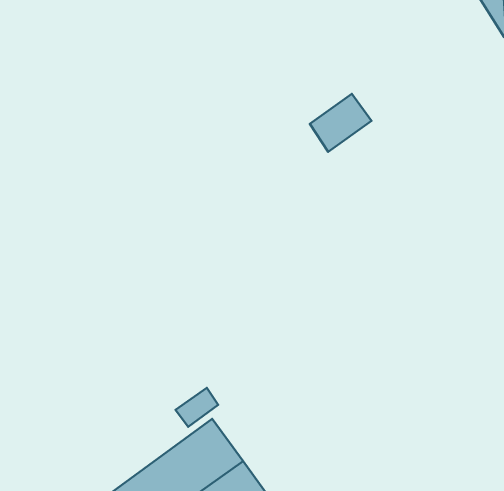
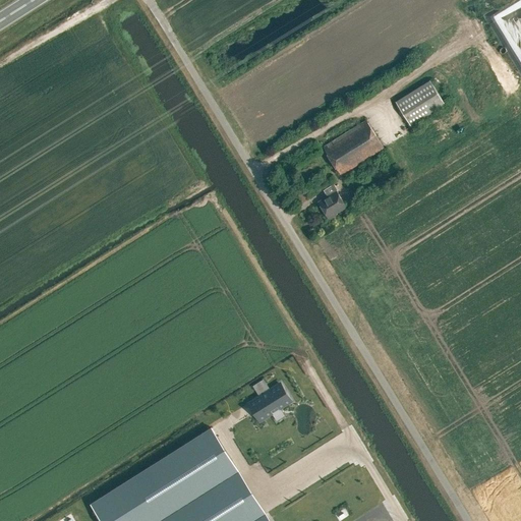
building: none -> [396,81,445,127]
building: none -> [317,191,346,220]
building: [176,388,218,427] -> [245,379,287,415]

